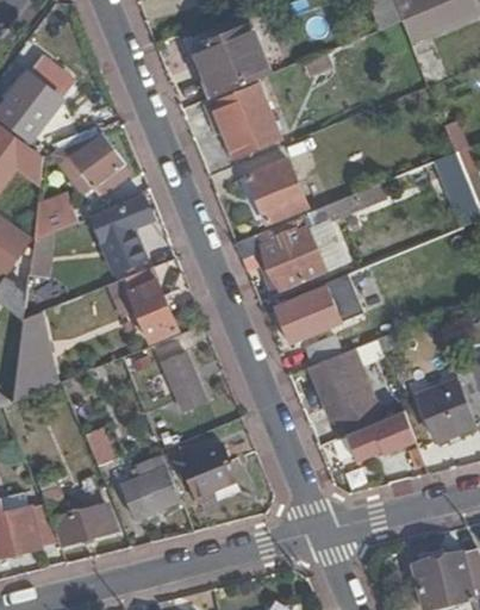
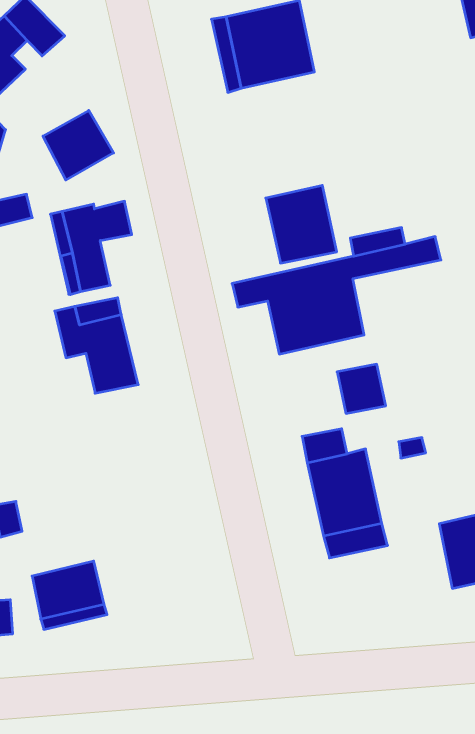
building: [205,86,280,157] -> none
building: [272,273,350,343] -> none
building: [156,346,206,410] -> none
building: [348,411,428,468] -> none
building: [179,446,235,504] -> none

